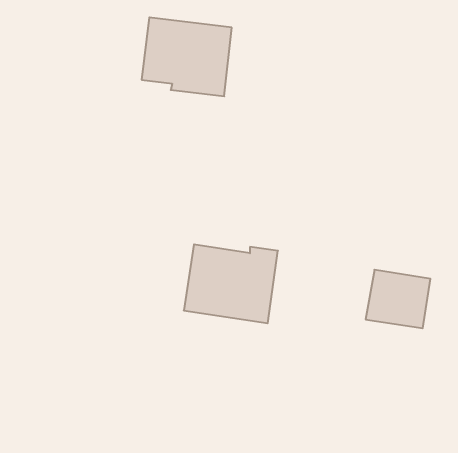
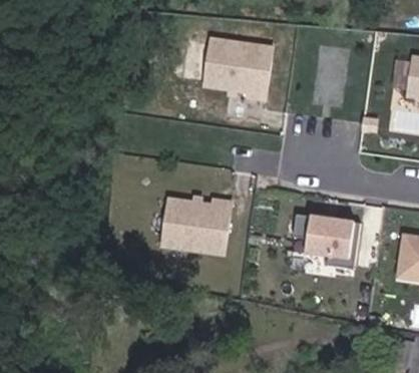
building: [142,17,232,96] -> [201,39,273,101]

